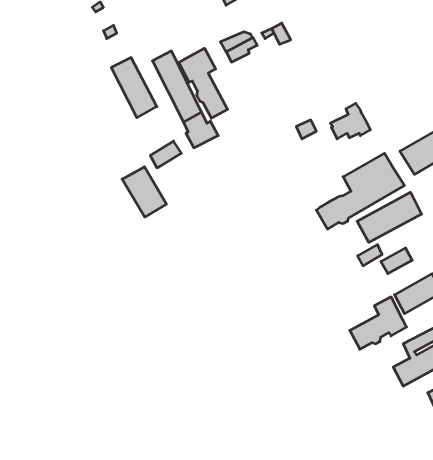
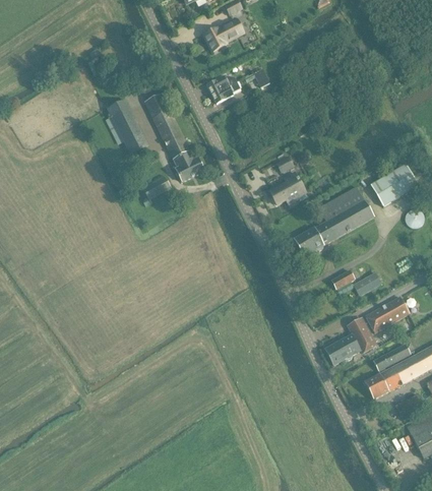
building: [179,48,228,118] -> none
building: [330,103,370,139] -> [270,173,307,205]
building: [122,167,166,217] -> none
building: [357,192,422,242] -> none

